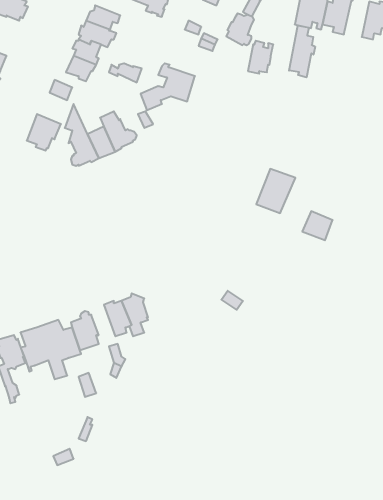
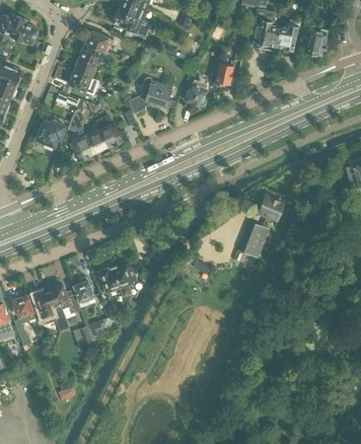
building: [226,13,254,45] -> [186,81,208,106]
building: [289,26,315,77] -> none
building: [256,169,295,213] -> [238,221,270,256]

